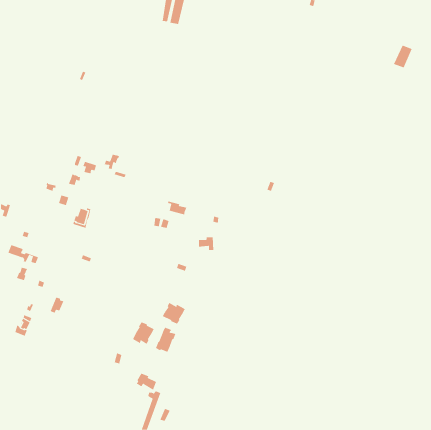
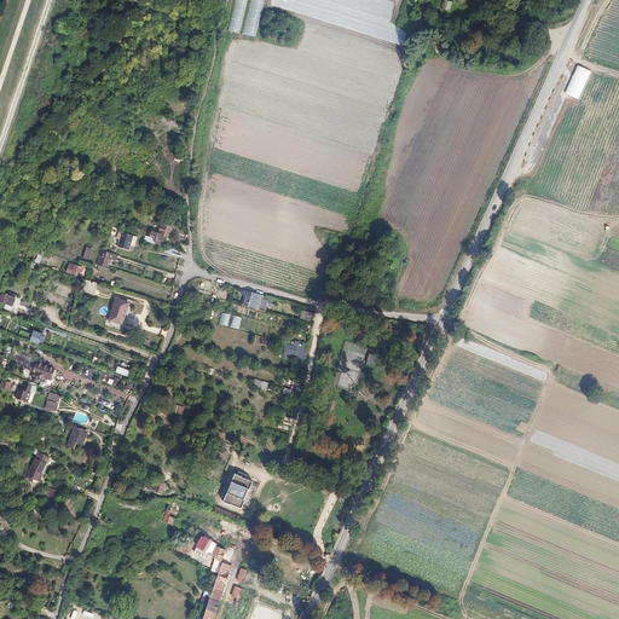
building: [162,302,185,325] -> none
building: [132,321,154,345] -> none

